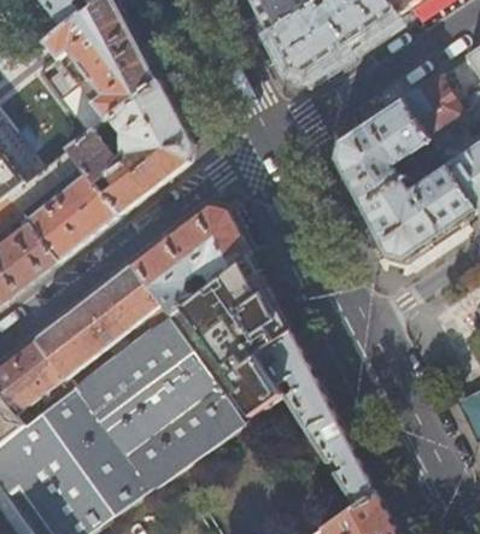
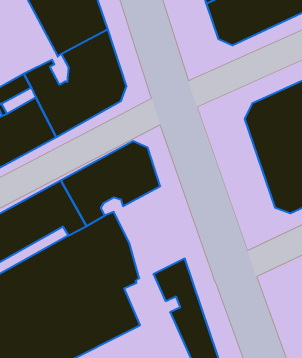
building: [198,253,289,418] -> none

